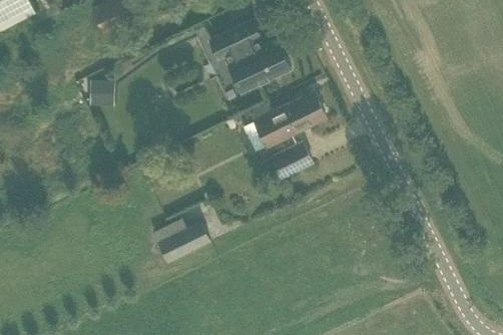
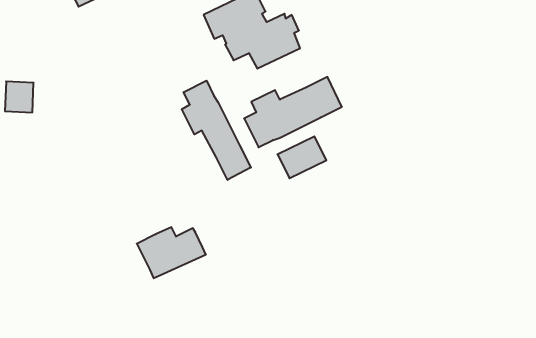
building: [88,81,112,107] -> [5,81,34,112]
building: none -> [182,81,251,180]

